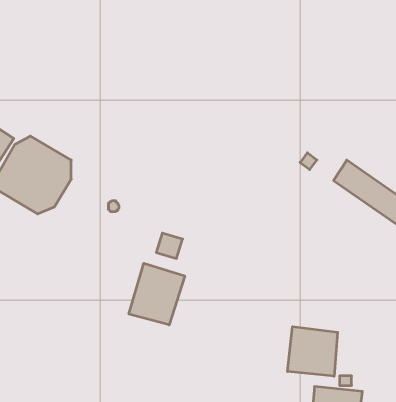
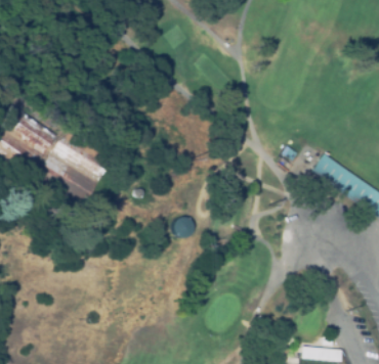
building: [129,263,185,325] -> none
building: [288,327,338,376] -> none

